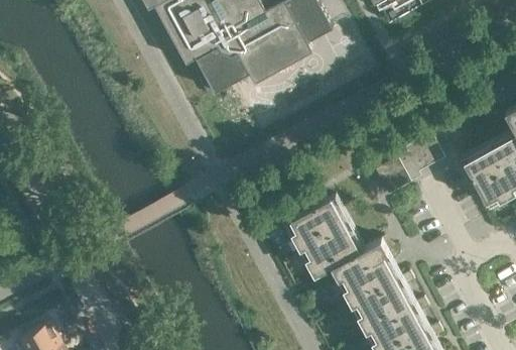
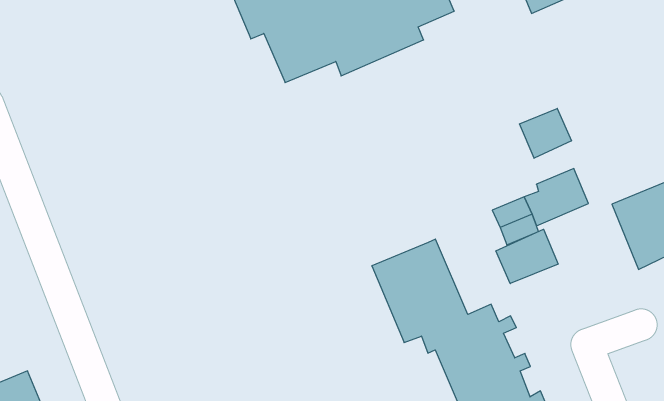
building: none -> [520,108,571,158]
building: none -> [496,229,558,284]

